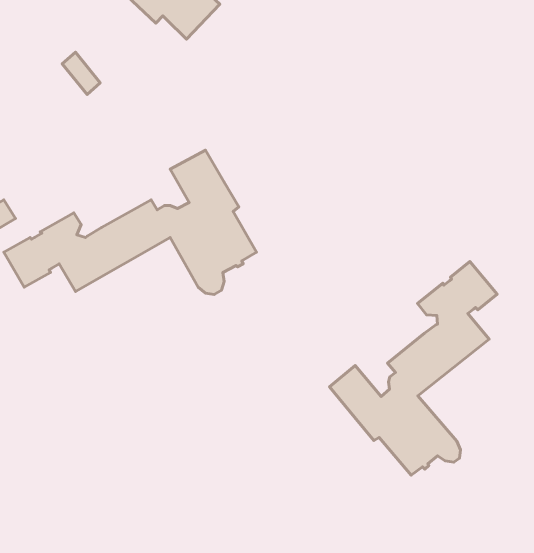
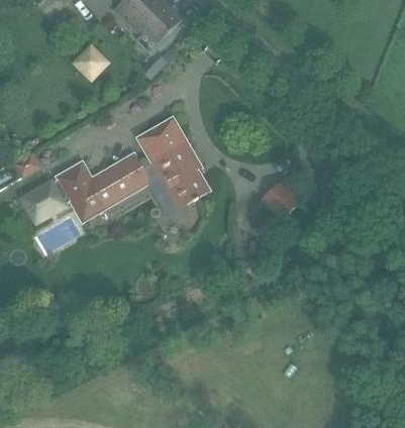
building: none -> [265,179,304,218]
building: [330,261,497,475] -> none

